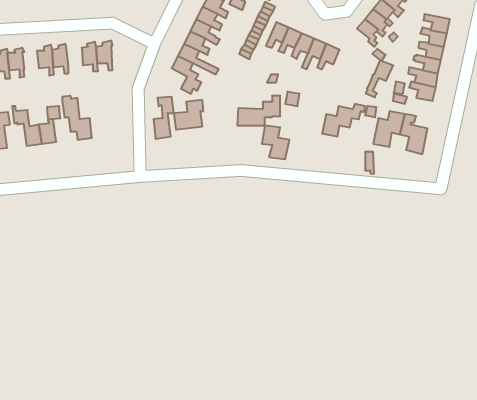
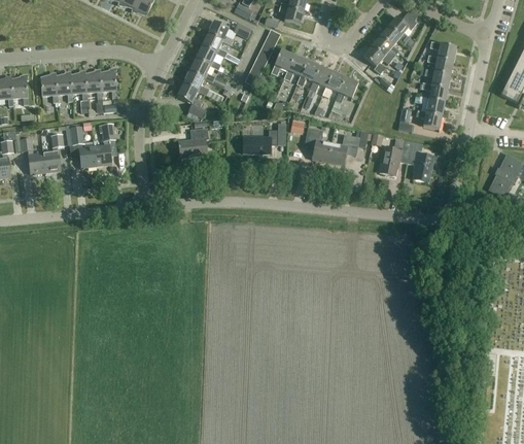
building: none -> [70,70,88,109]
building: [366,61,393,97] -> [330,77,358,114]
building: [153,97,174,139] -> [94,124,114,166]
building: [262,125,289,159] -> [304,128,331,162]

